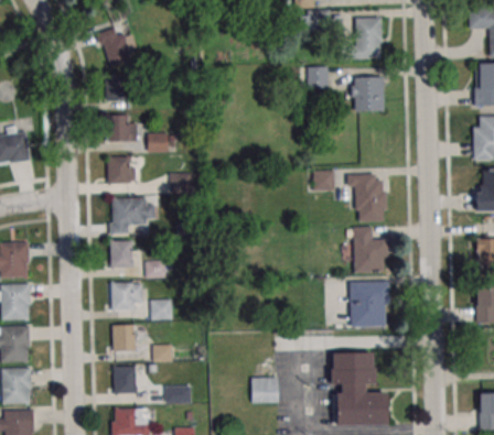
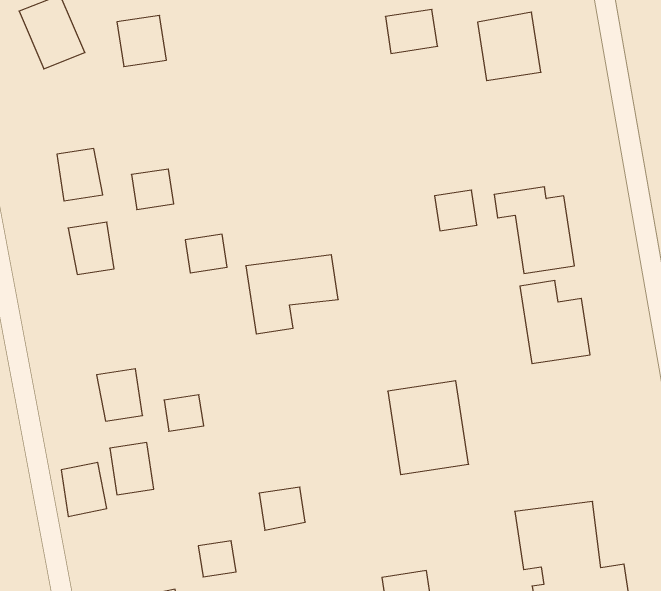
building: [105,75,129,100] -> [117,15,166,67]
building: [110,196,159,235] -> [246,255,338,334]
building: [350,281,388,328] -> [388,381,469,475]
building: [149,298,172,319] -> [259,487,305,530]
building: [112,324,135,351] -> [61,462,107,517]

